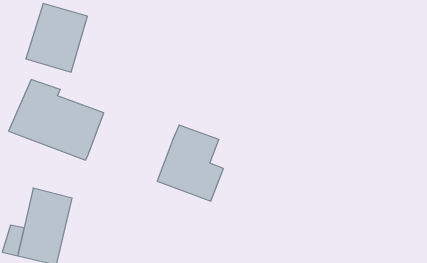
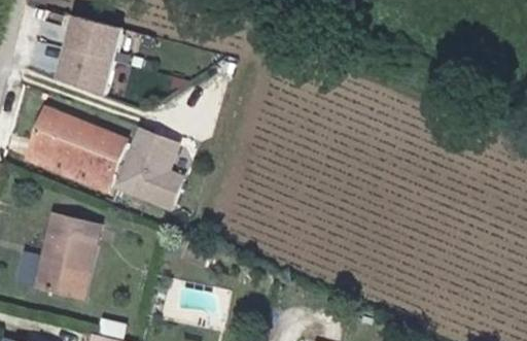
building: [157,125,223,201] -> [115,124,190,210]

